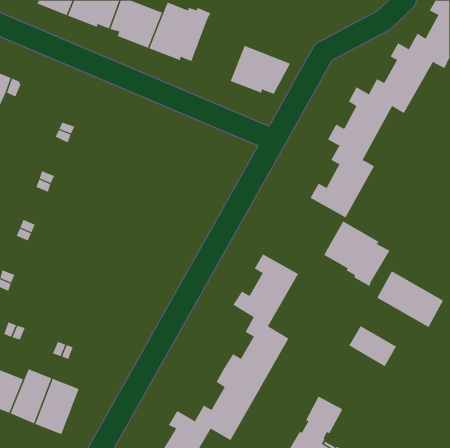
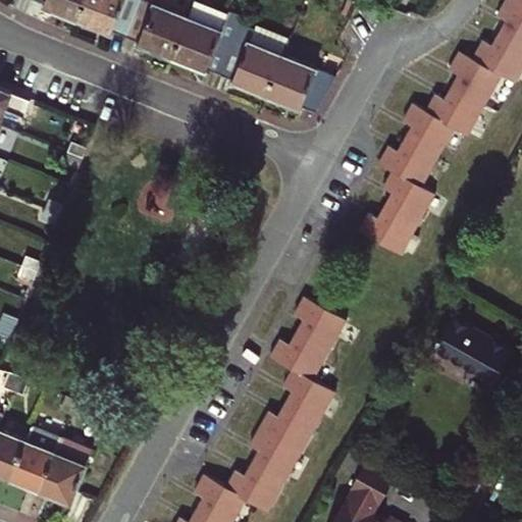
building: none -> [221,24,286,98]
building: [324,221,390,287] -> none
building: [348,325,397,367] -> none

